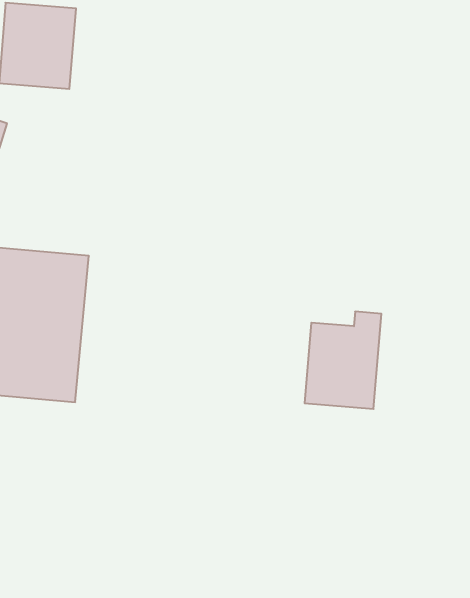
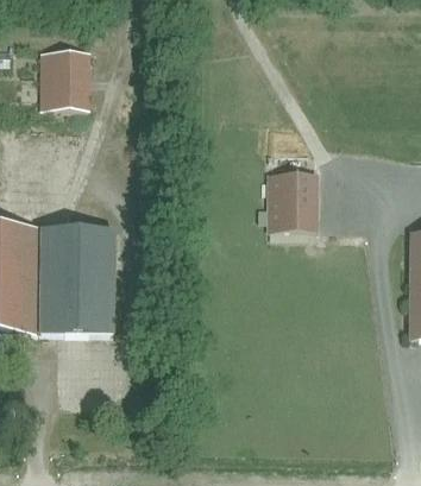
building: [305,312,381,409] -> [268,160,318,229]

